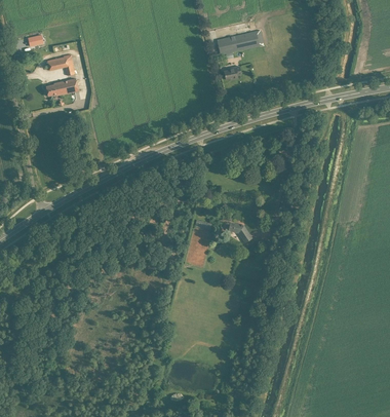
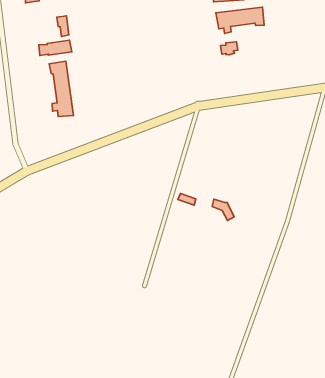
building: none -> [49,61,73,117]

